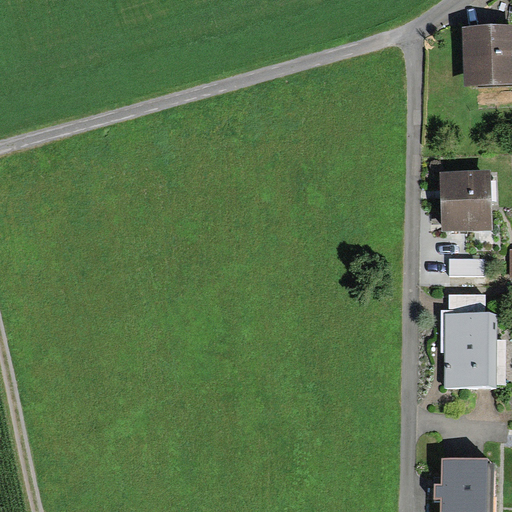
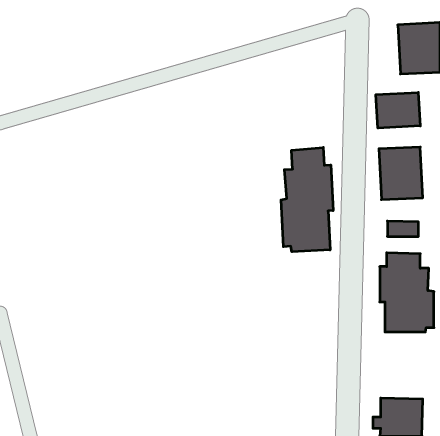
building: none -> [376,92,420,128]
building: none -> [281,147,333,252]

